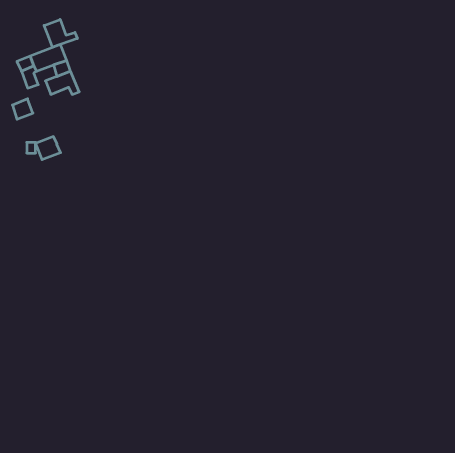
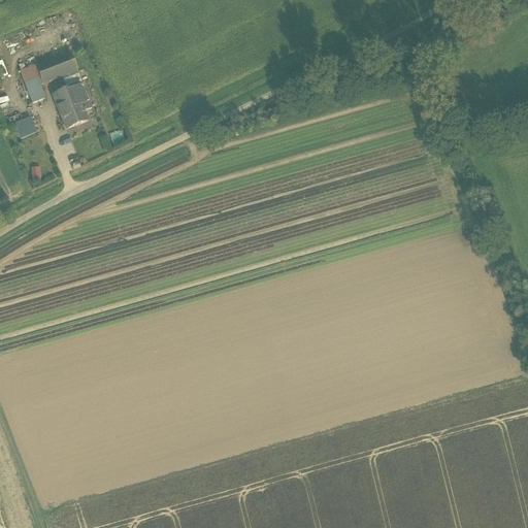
building: [44,19,77,47] -> none
building: [36,137,61,160] -> [59,101,88,128]

